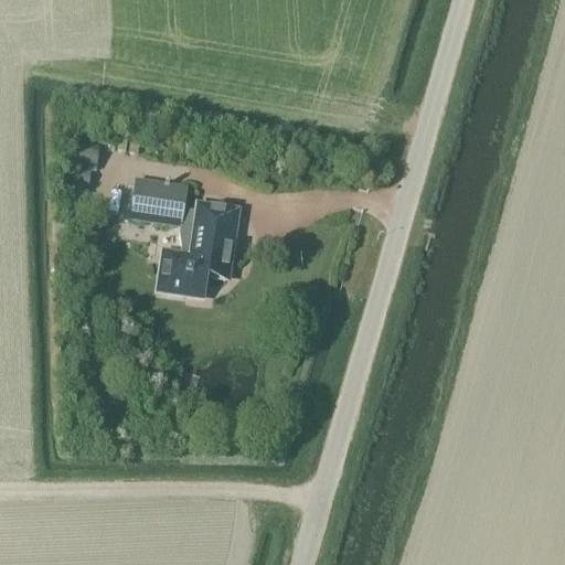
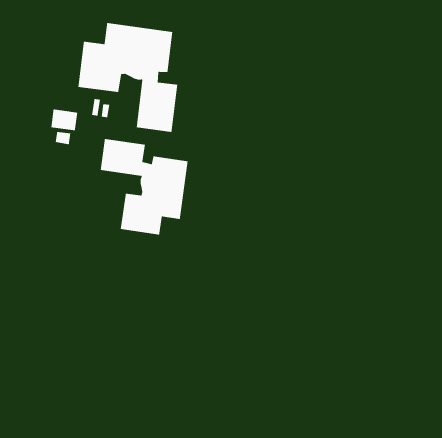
building: none -> [78,22,178,133]

